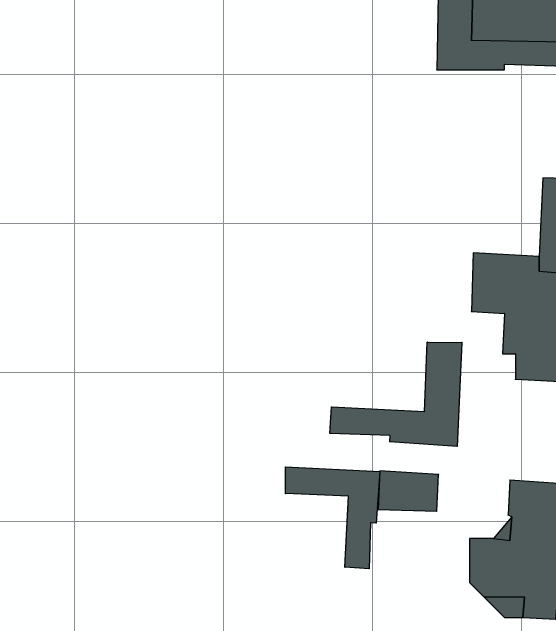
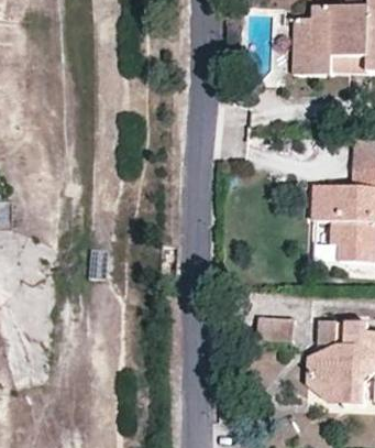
building: [330,342,462,446] -> none
building: [285,467,380,569] -> none

